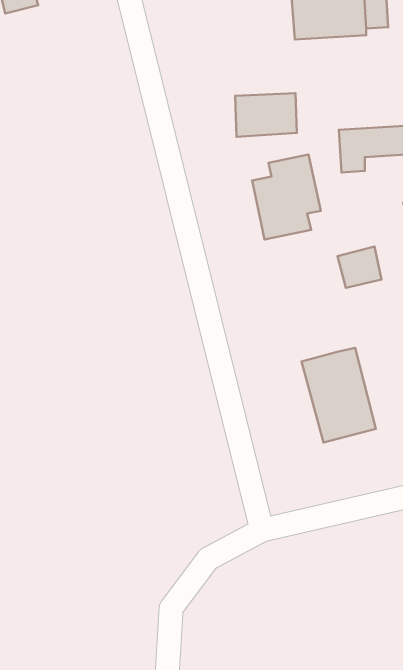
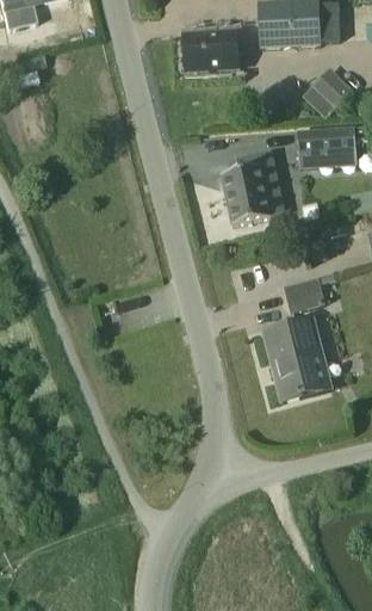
building: none -> [304,76,347,113]
building: [235,93,297,137] -> [184,32,237,70]
building: [337,247,381,288] -> [287,274,326,310]

